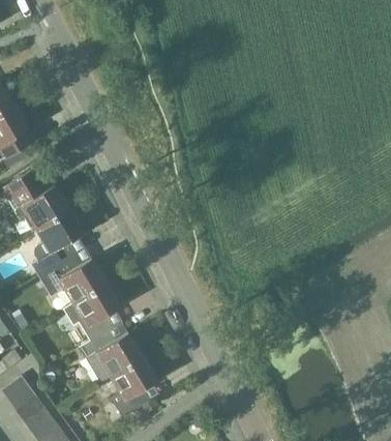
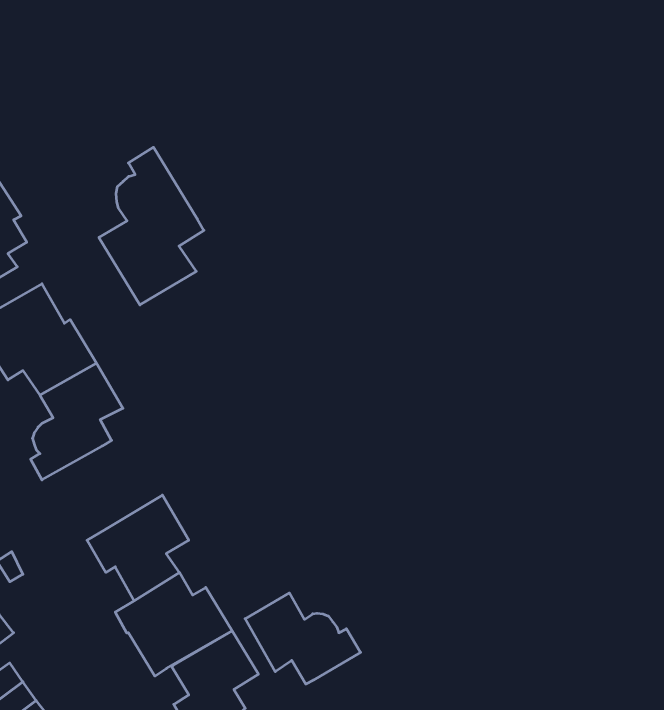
building: none -> [99,147,204,305]
building: [39,256,106,301] -> none
building: none -> [245,593,361,684]

